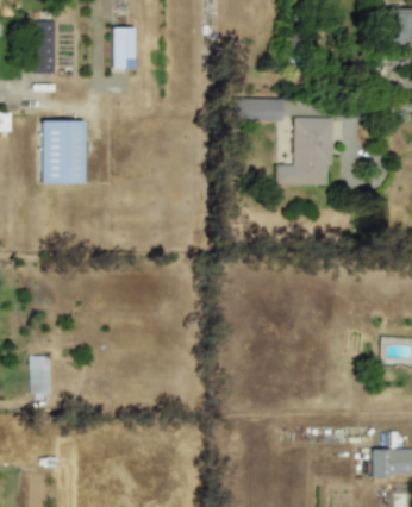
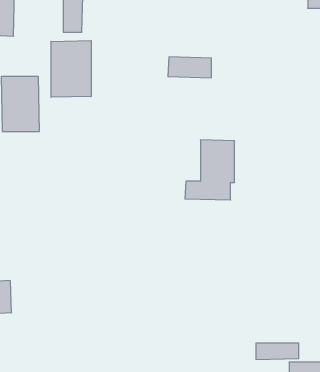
building: none -> [51,41,91,97]
building: [276,117,333,186] -> [185,140,235,200]
building: none -> [256,343,298,360]

